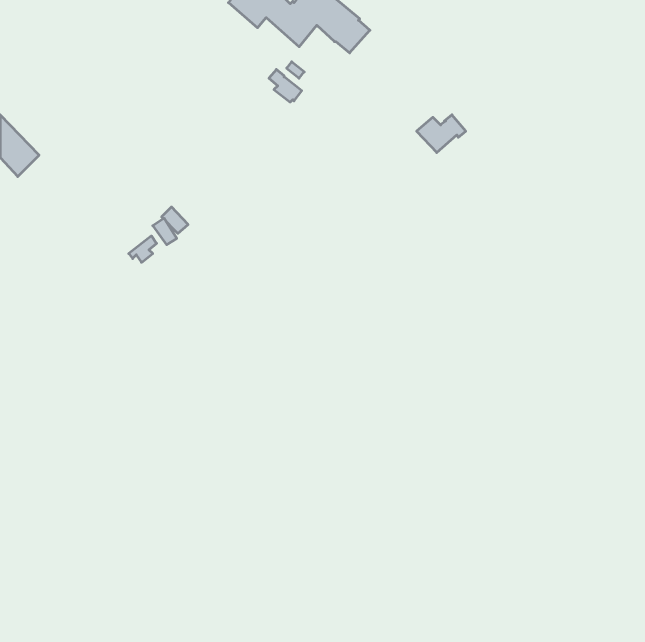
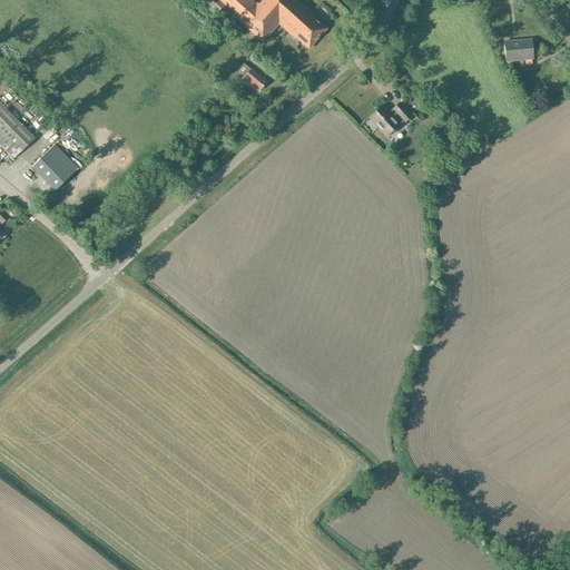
building: none -> [503,38,532,60]
building: none -> [31,142,78,189]

